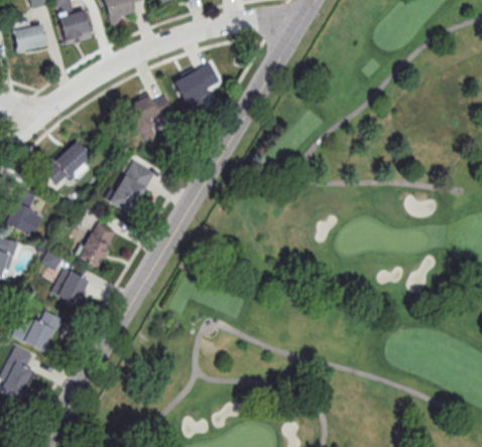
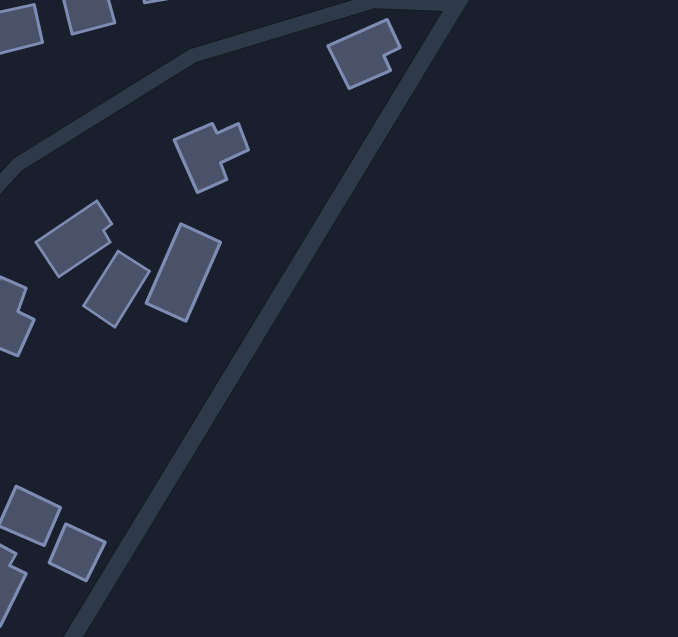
building: [172,63,217,106] -> [328,19,400,89]
building: [77,221,117,268] -> [84,251,149,327]
building: [56,271,89,306] -> none
building: none -> [49,524,105,581]

